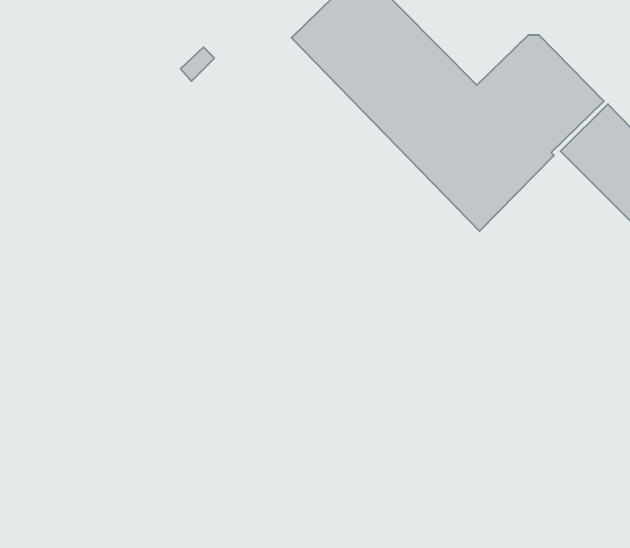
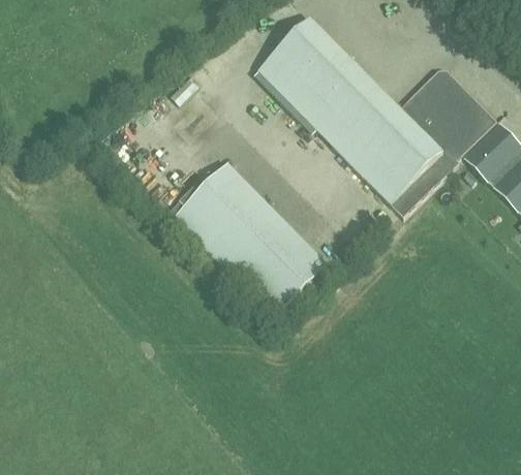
building: none -> [174,164,327,318]

